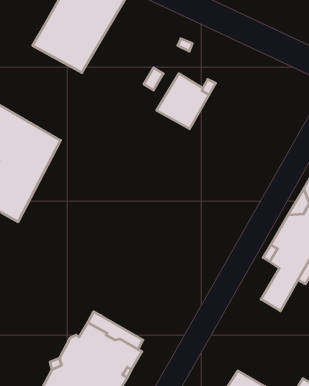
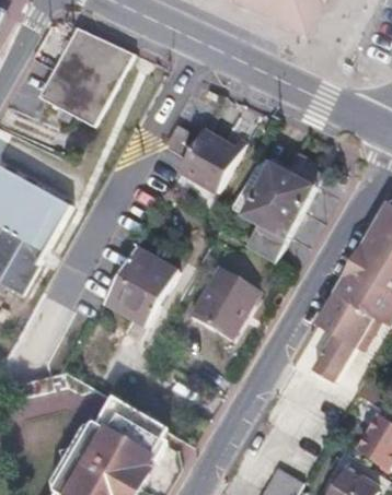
building: none -> [232,154,323,259]
building: none -> [106,244,181,323]
building: none -> [187,263,256,337]

